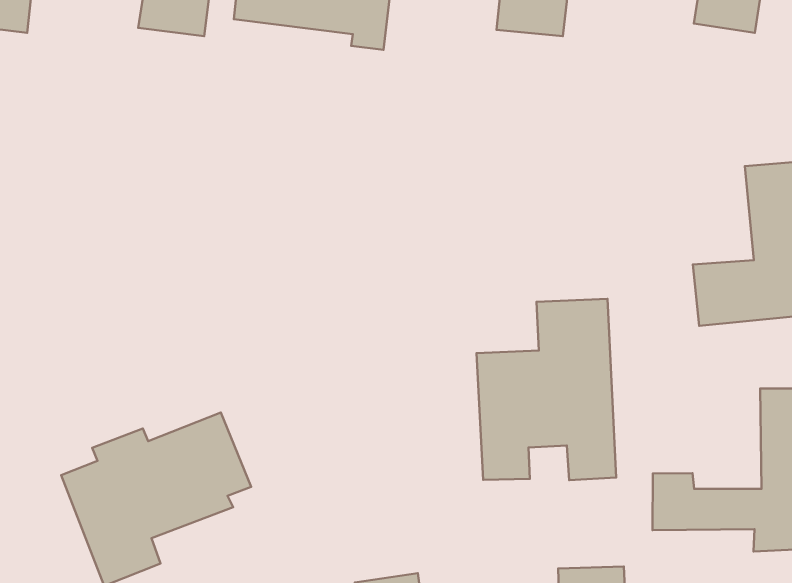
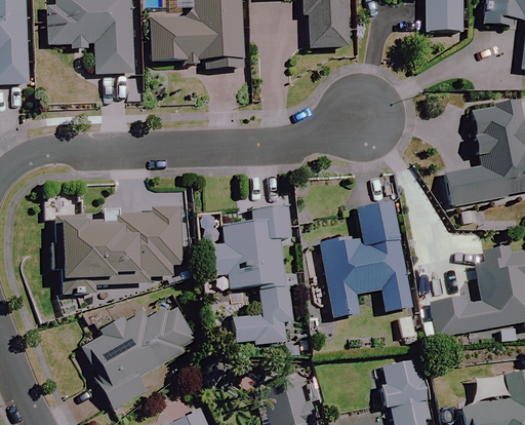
building: none -> [53,197,185,283]
building: none -> [211,208,293,344]

